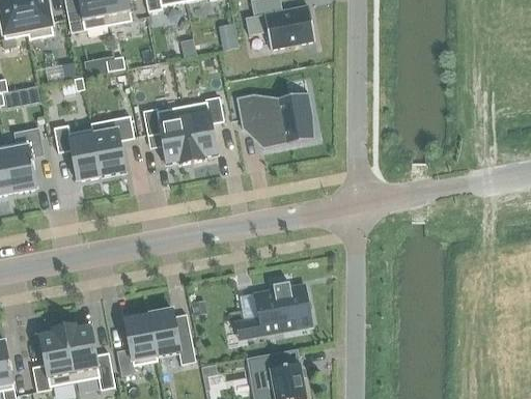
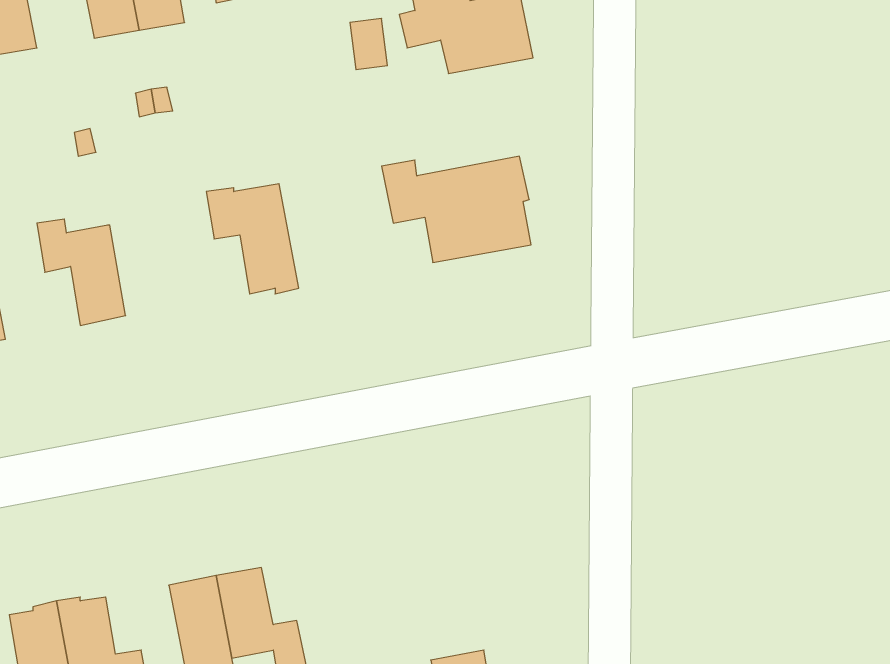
building: [180,95,223,161] -> none
building: [89,115,134,175] -> none
building: [233,281,312,339] -> none

